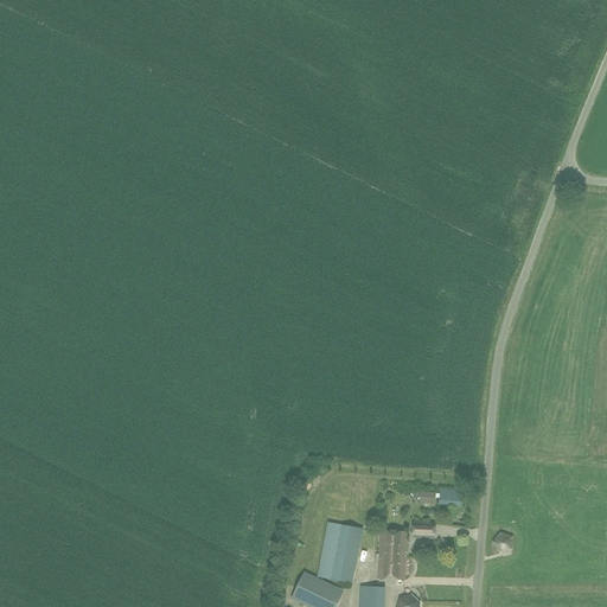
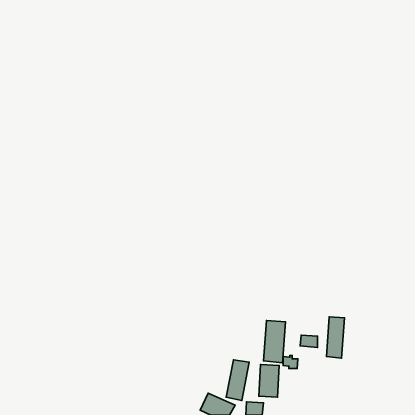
building: none -> [326,317,345,358]
building: none -> [263,321,286,363]

